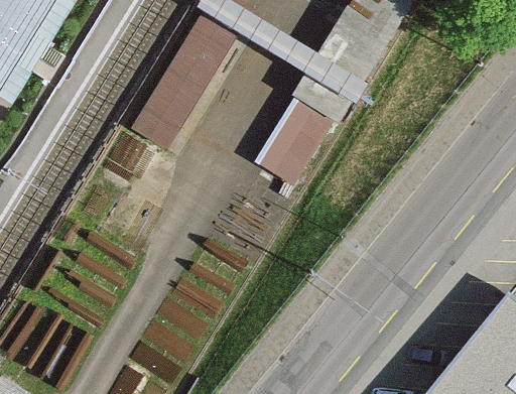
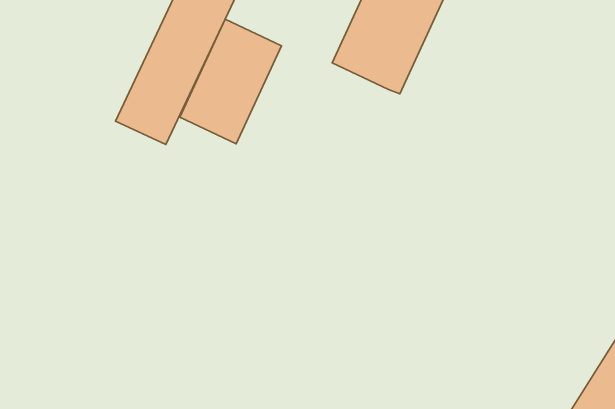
building: [252,101,333,193] -> [180,19,281,144]

